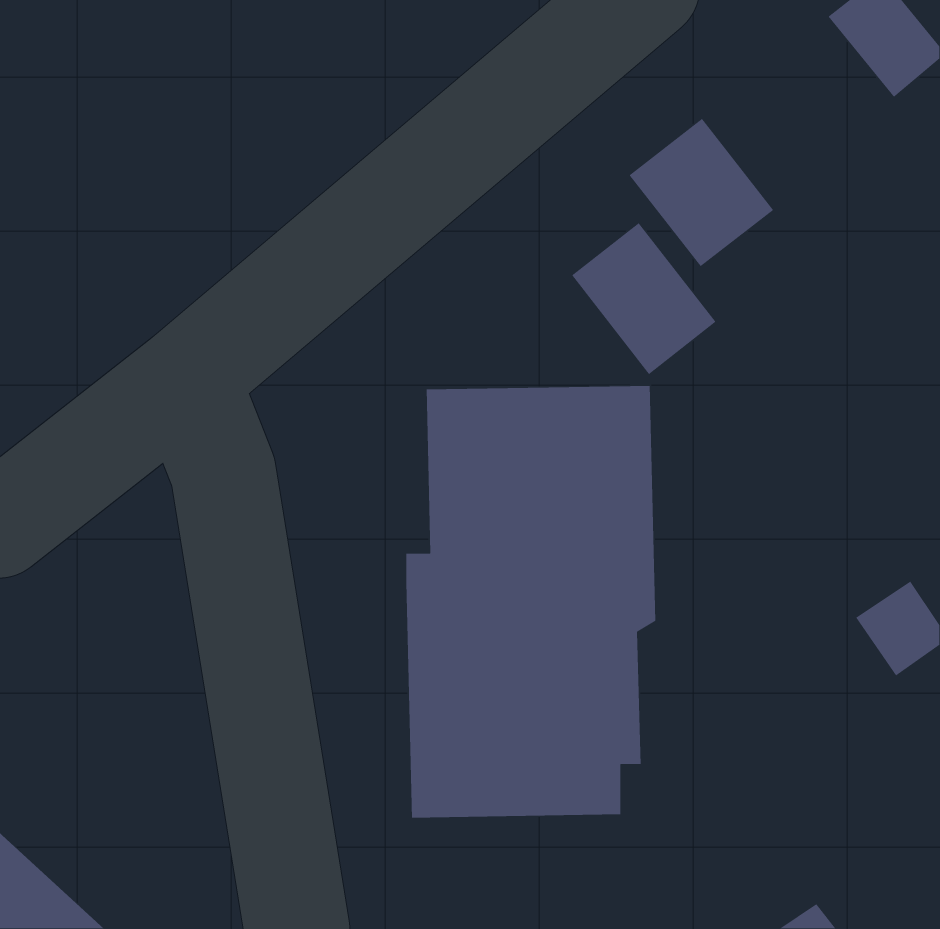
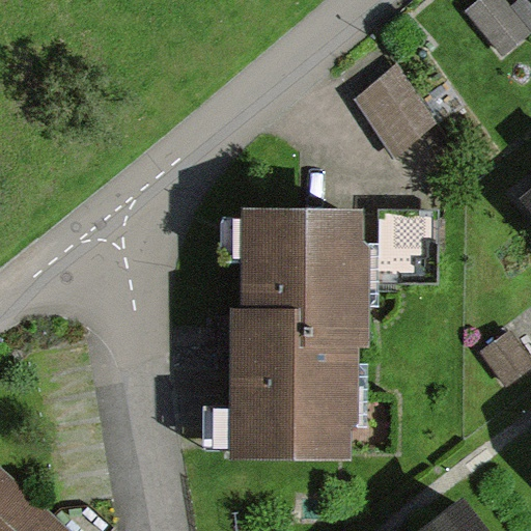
building: [571,222,717,375] -> none

